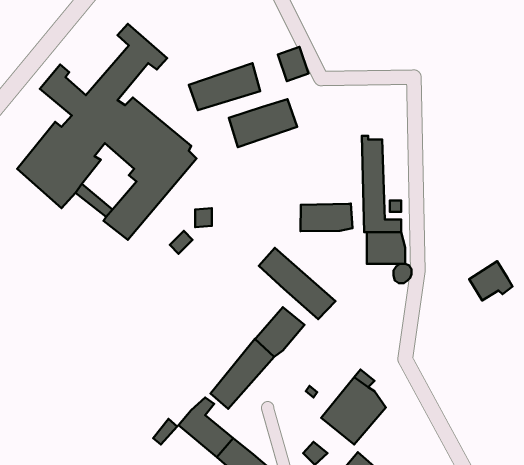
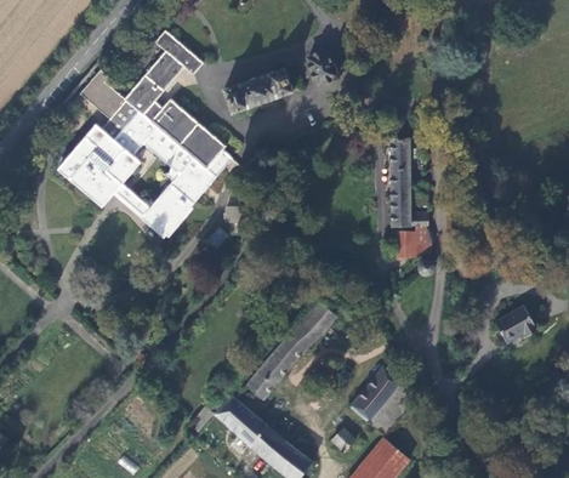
building: [229,99,297,147] -> none
building: [300,204,352,231] -> none
building: [259,248,335,319] -> none
building: [469,261,513,301] -> [495,306,536,343]

